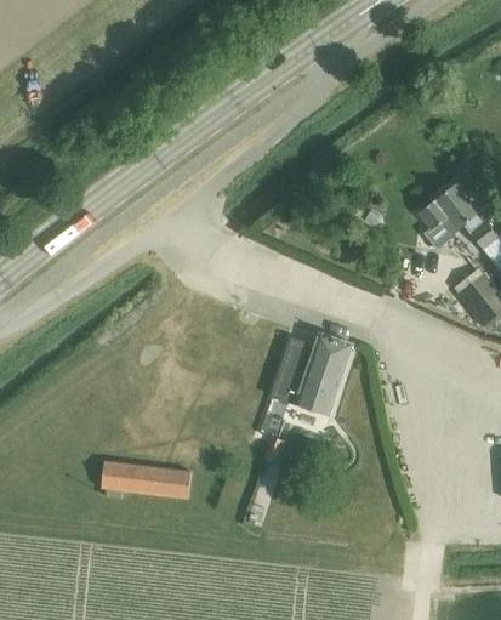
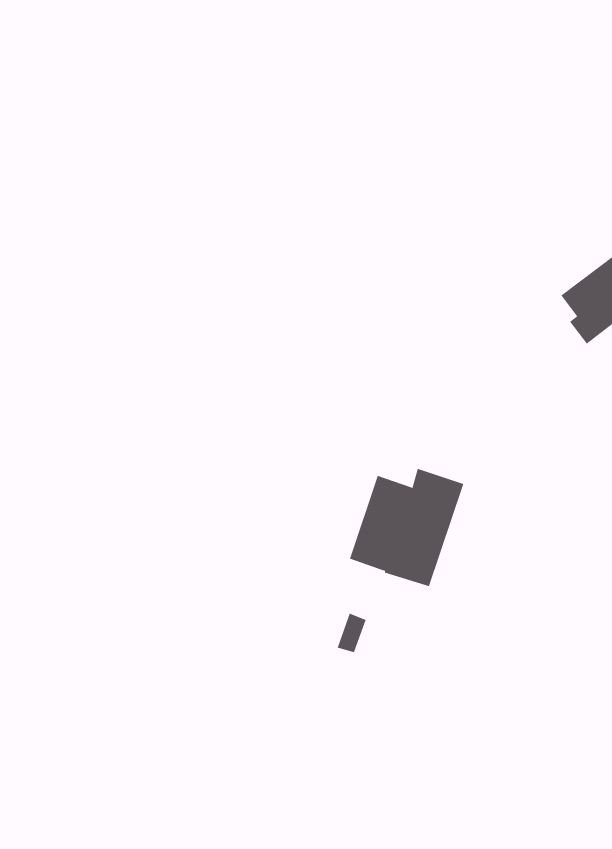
building: [103,461,190,496] -> none

